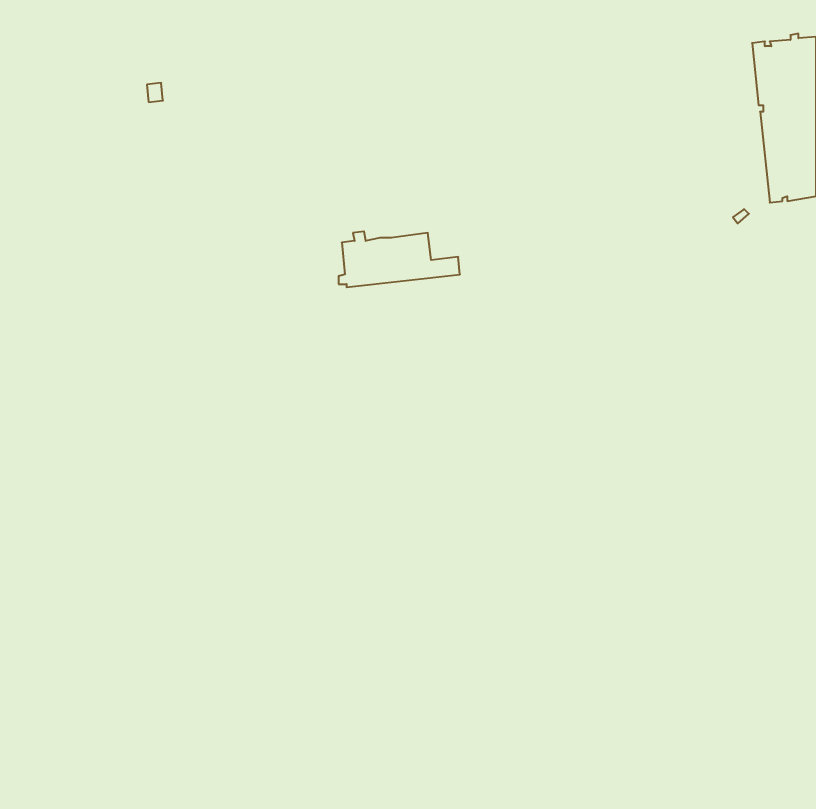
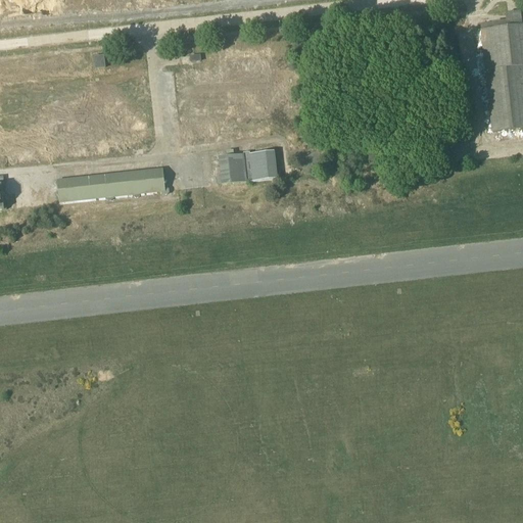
building: none -> [57,168,169,202]

